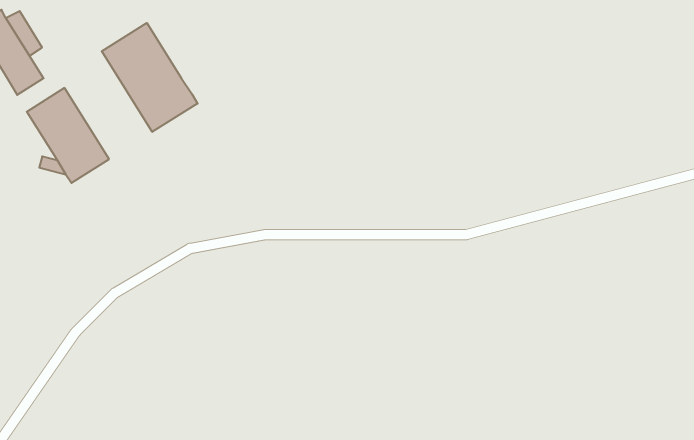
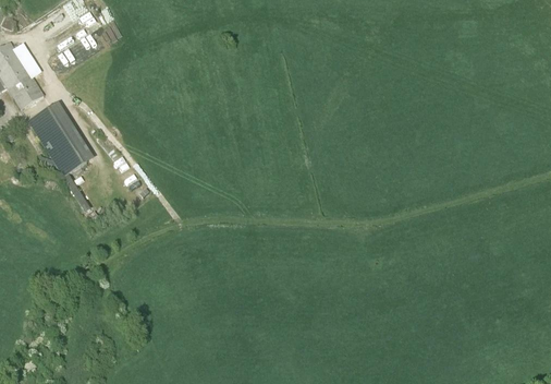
building: [102,23,198,132] -> none

